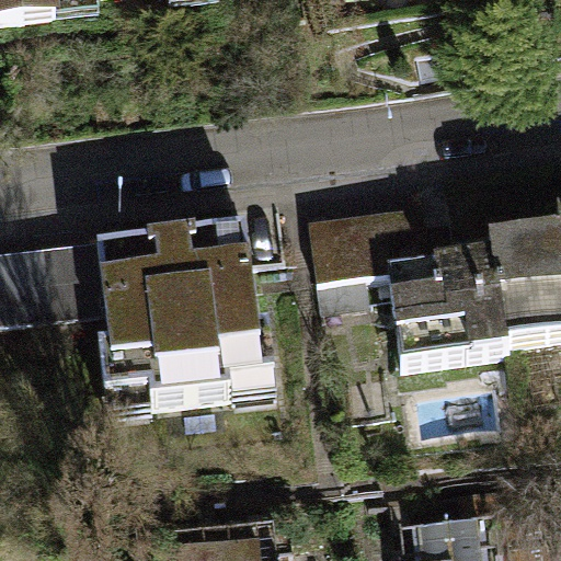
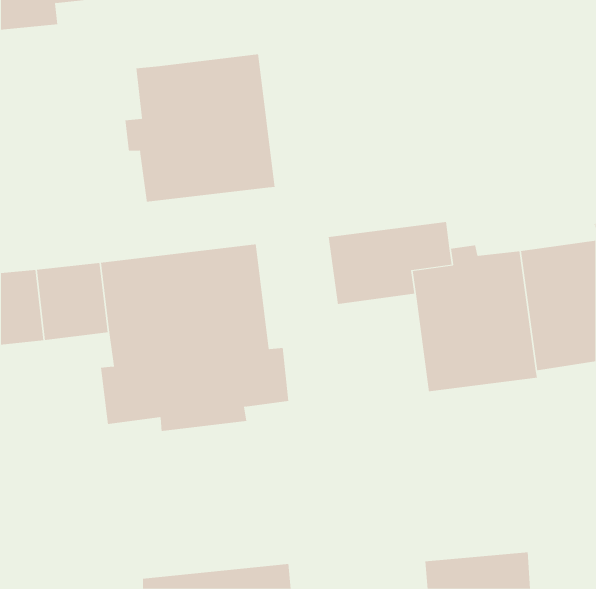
building: none -> [125,53,275,203]

